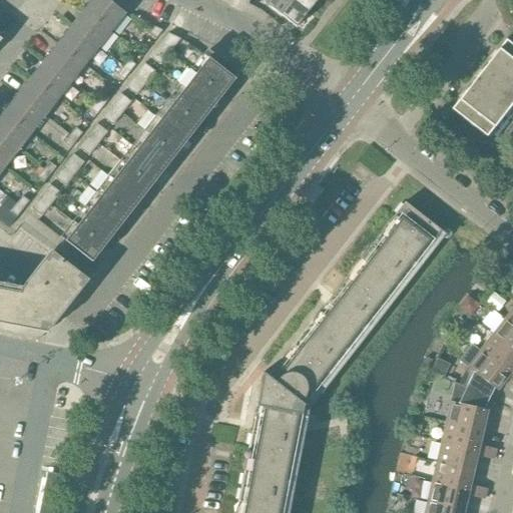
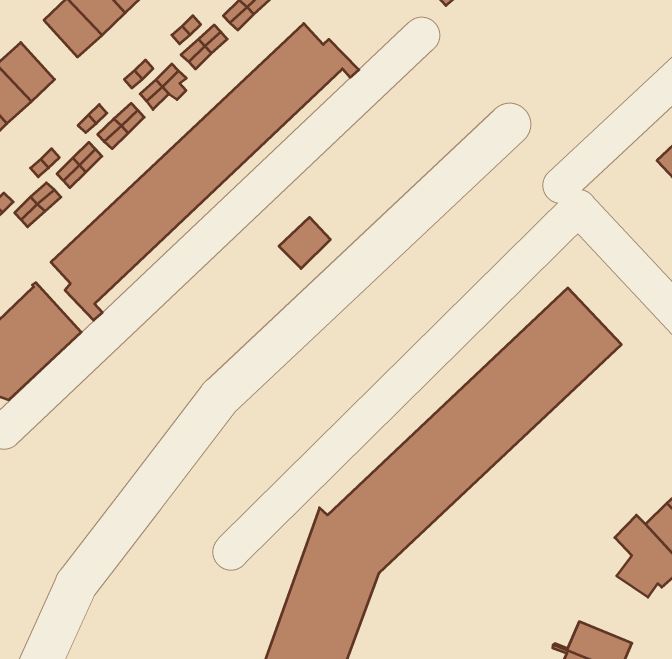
building: [19,77,58,115] -> none
building: none -> [279,217,330,269]
building: [447,383,490,430] -> none

